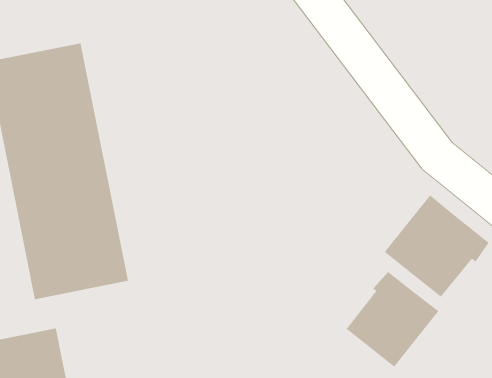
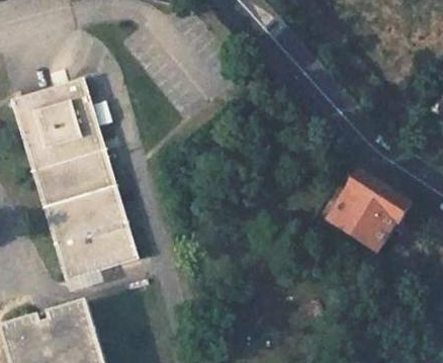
building: [346,271,439,367] -> none

